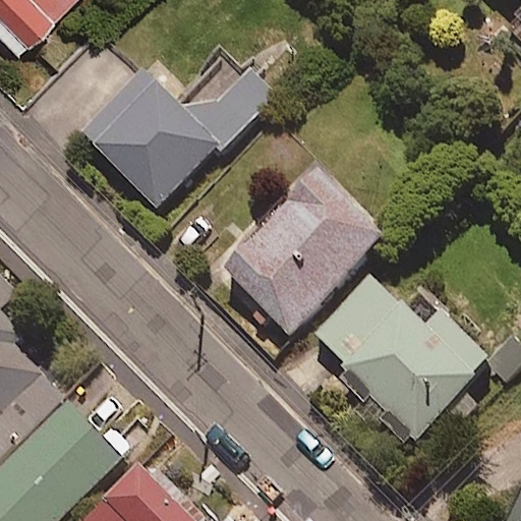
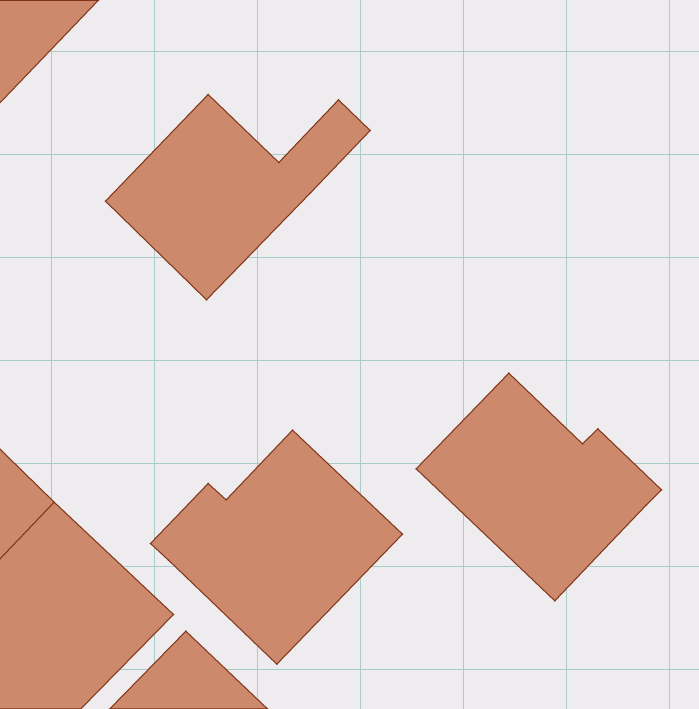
building: [216,173,378,336] -> none
building: none -> [150,430,402,664]

